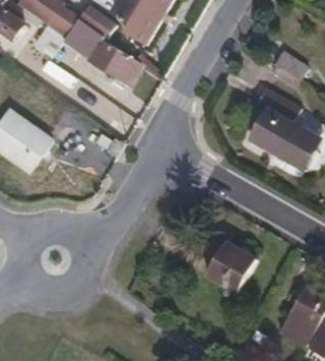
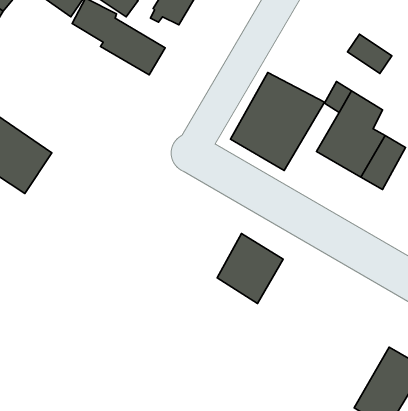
building: none -> [230,72,325,170]
building: [206,241,256,294] -> [217,233,283,304]

